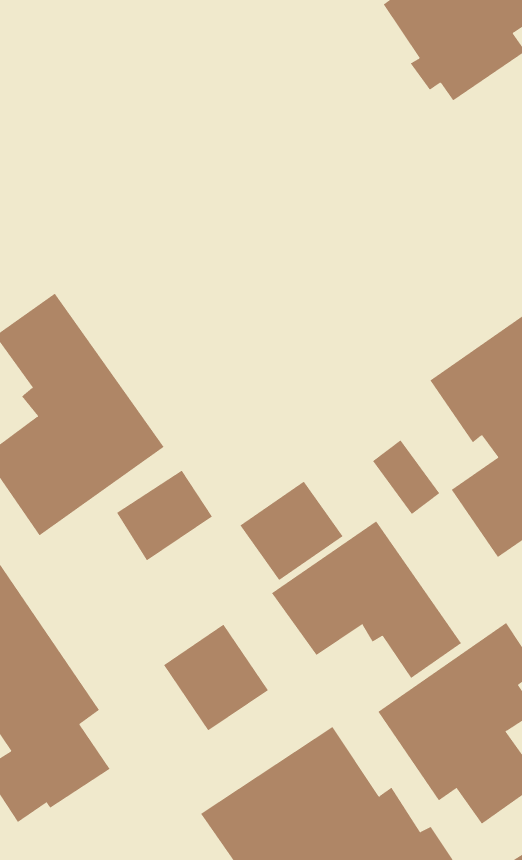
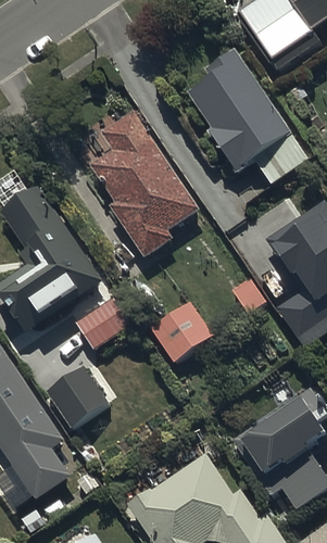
building: none -> [187,49,292,172]
building: none -> [90,111,200,256]
building: [271,520,462,679] -> none
building: [163,624,269,731] -> [43,361,108,426]

